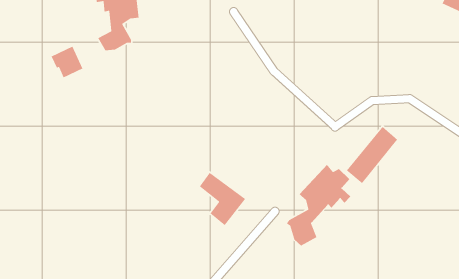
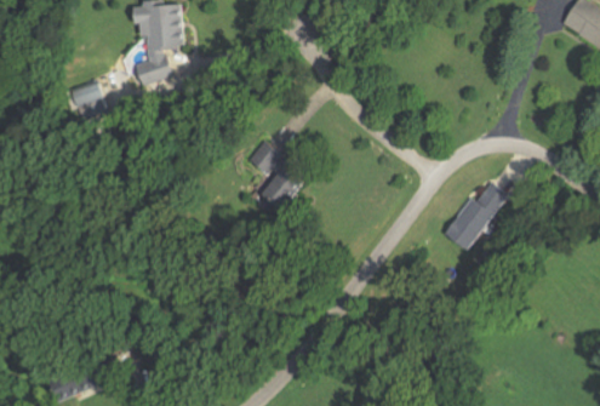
building: [286,164,351,247] -> none
building: [199,172,246,226] -> [250,142,309,210]

